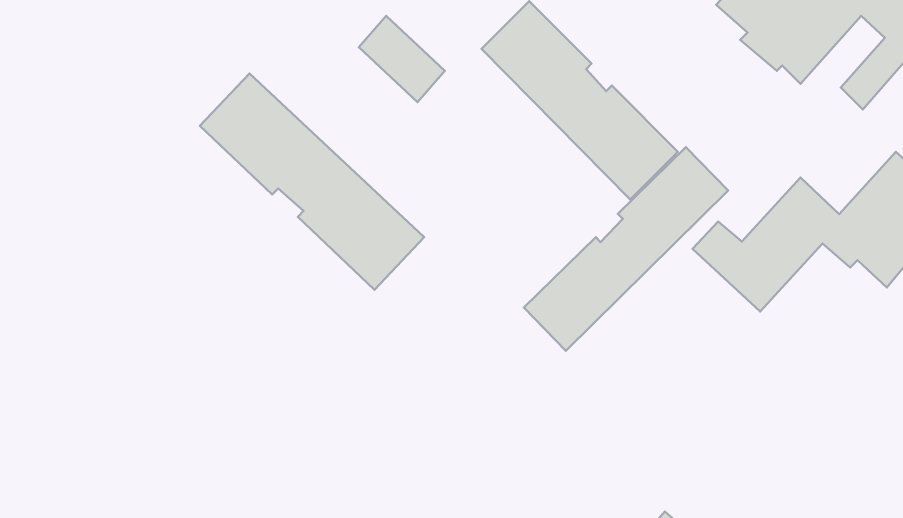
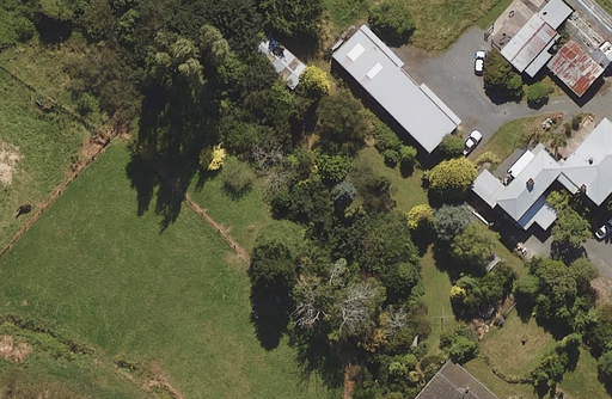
building: [200,73,424,290] -> none
building: [524,147,728,351] -> none

